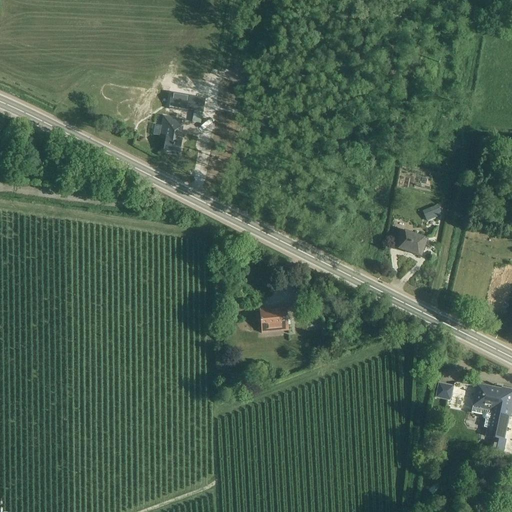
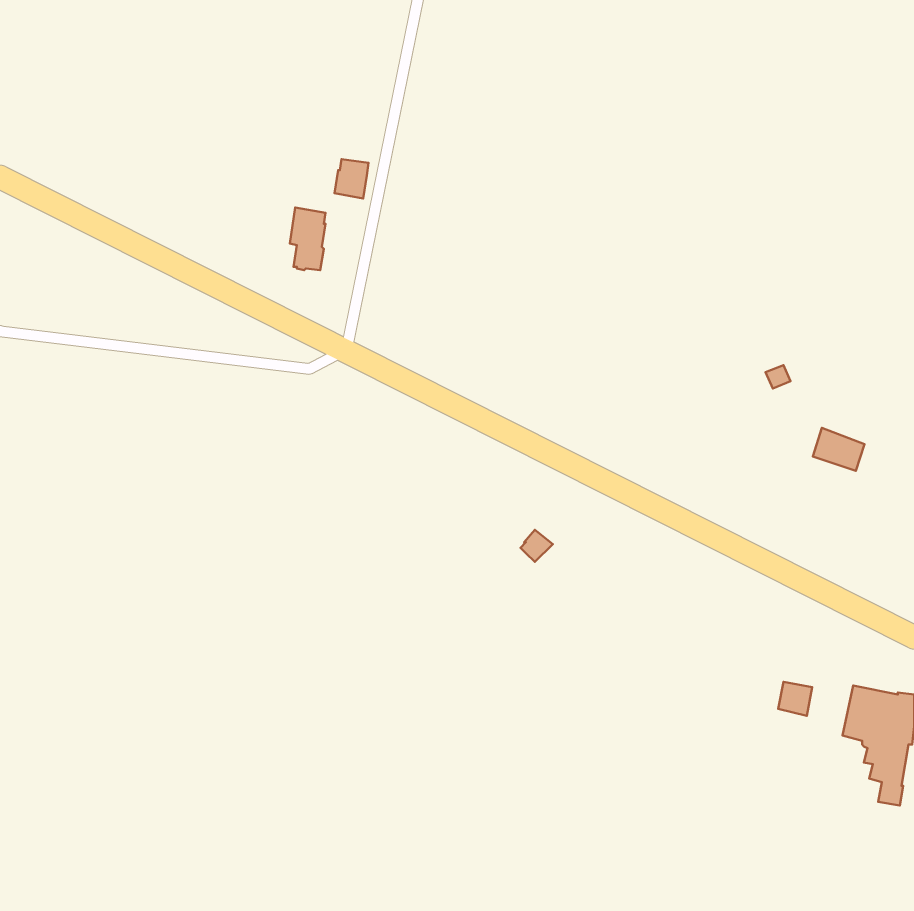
building: [397,230,426,254] -> [813,428,865,471]
building: [259,306,289,332] -> none

